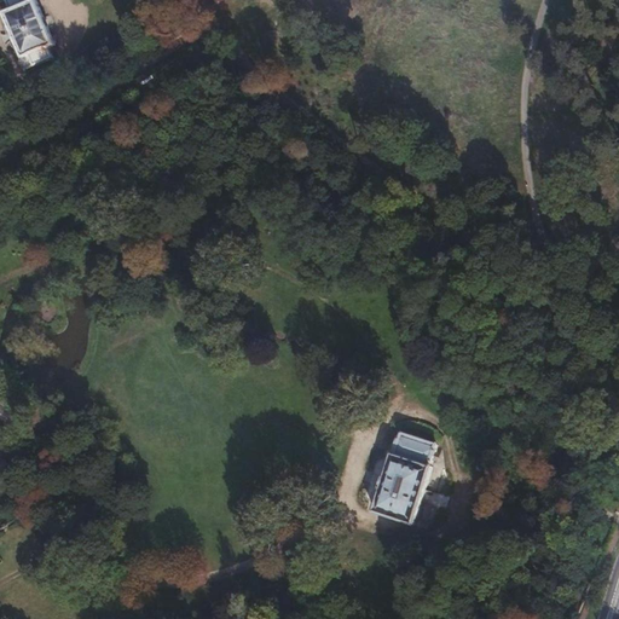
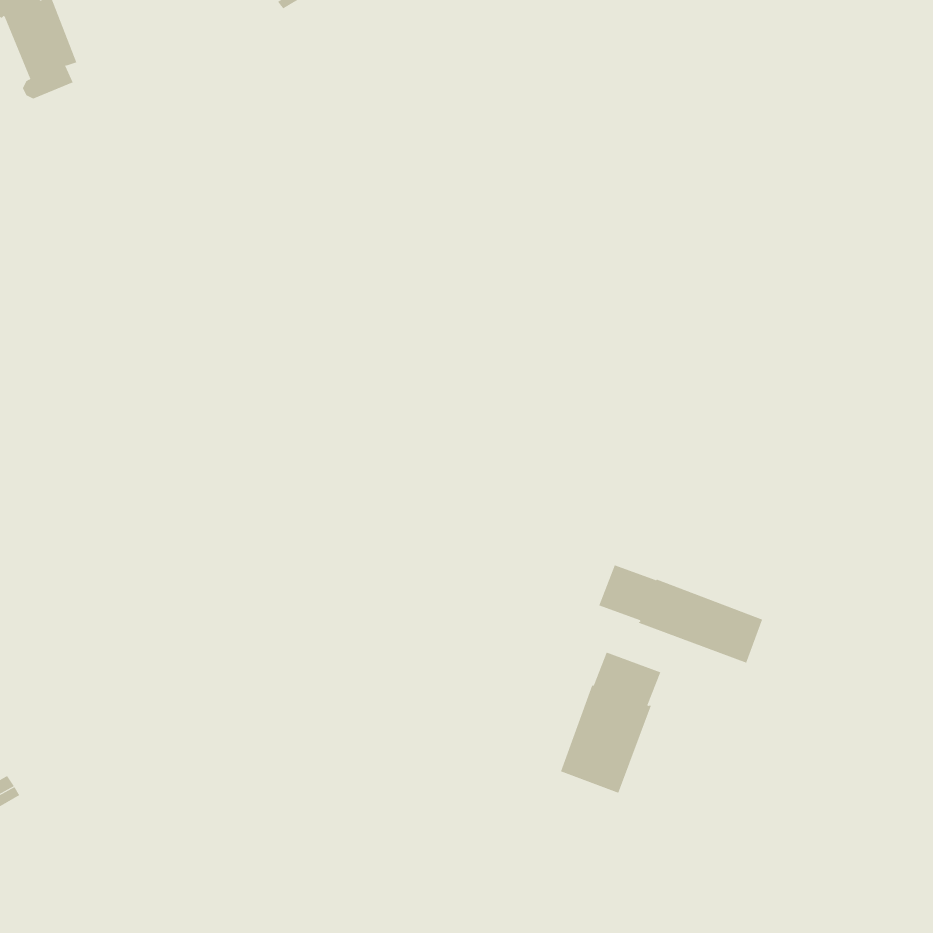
building: none -> [599,565,763,664]

